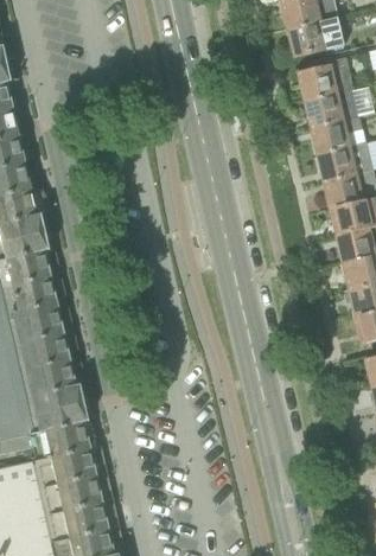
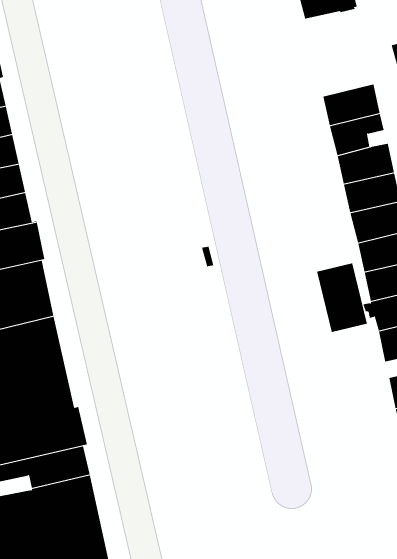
building: [288,17,343,57] -> none
building: [298,57,352,100] -> none
building: none -> [317,263,367,333]

